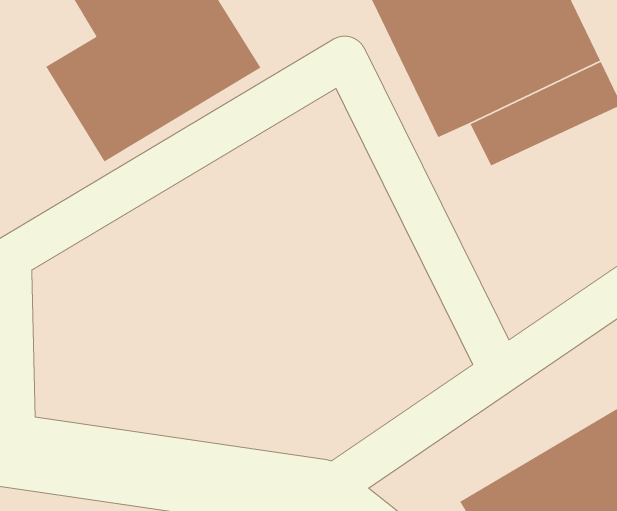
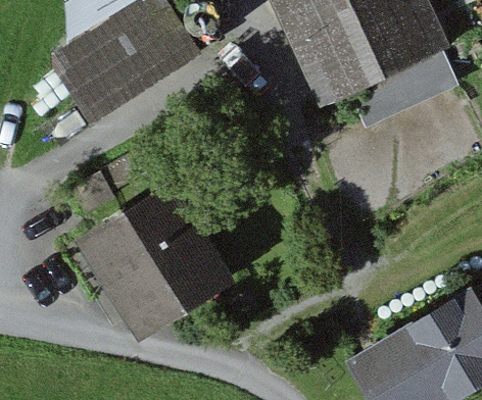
building: none -> [80,191,224,342]

